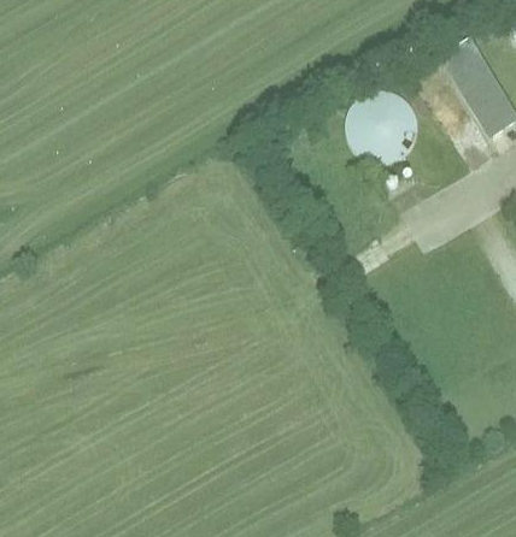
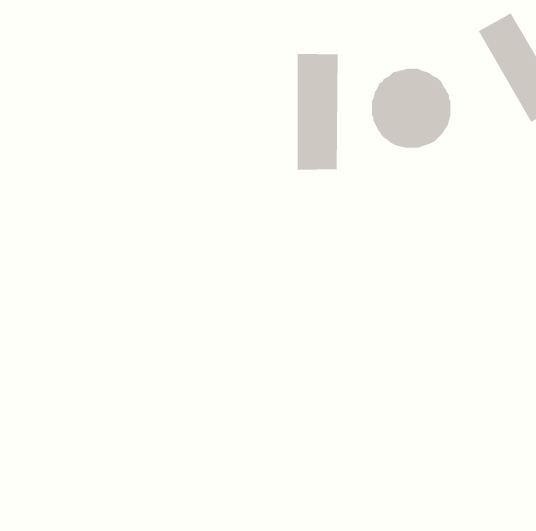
building: none -> [297,53,338,171]

